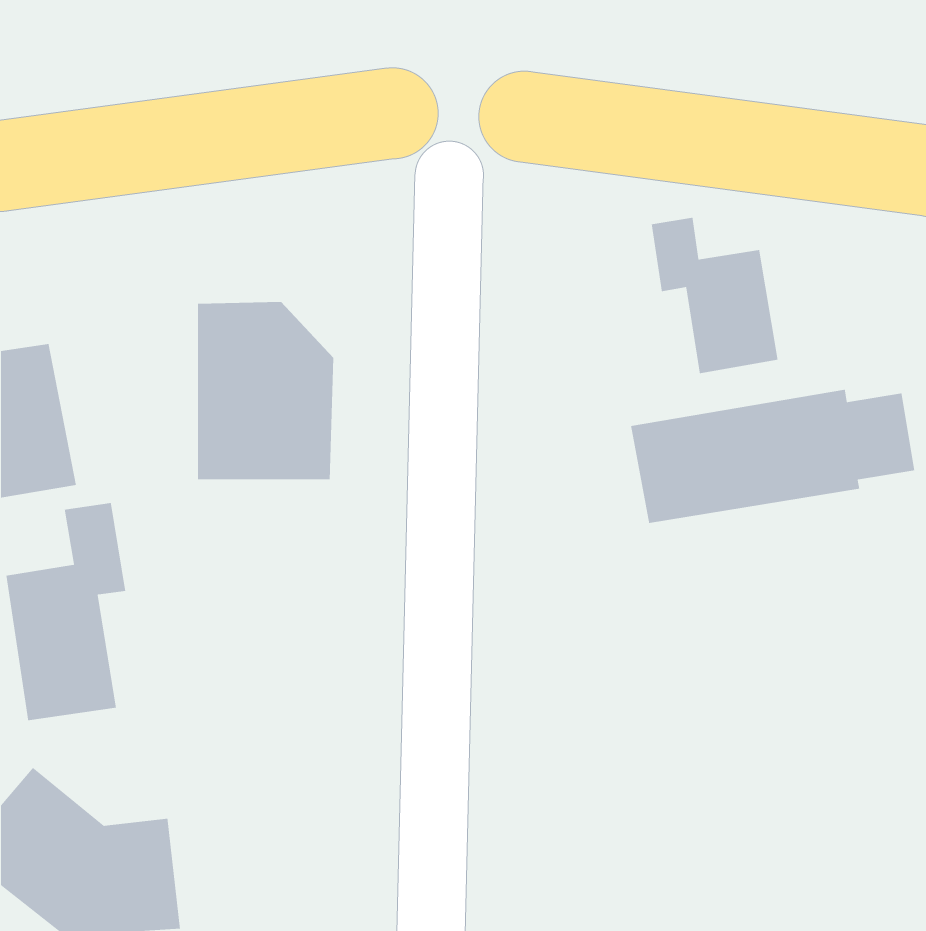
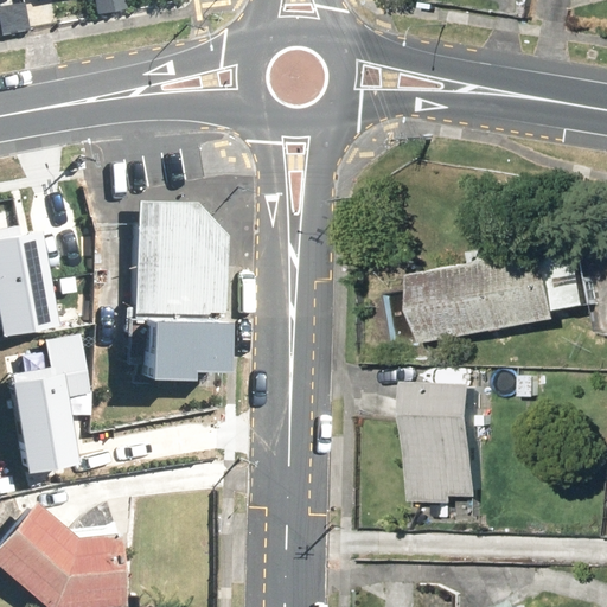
building: [651,217,779,374] -> none
building: none -> [142,314,223,372]
building: none -> [414,383,485,505]

